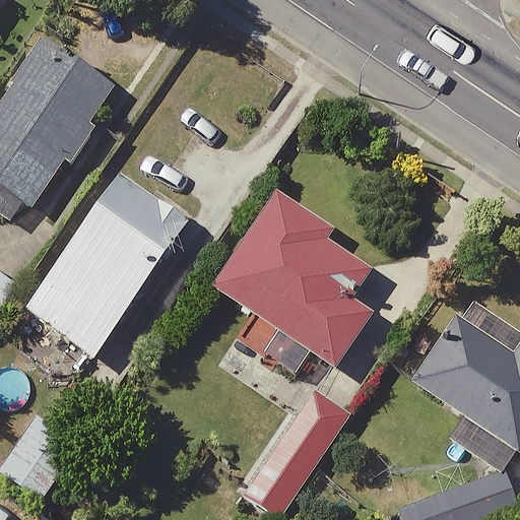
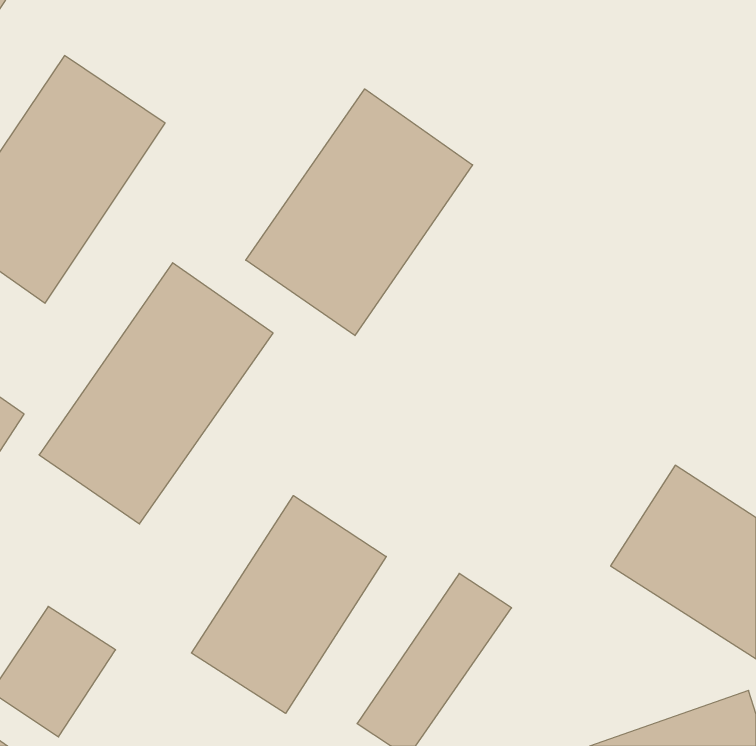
building: none -> [246,89,473,336]
building: [214,191,377,370] -> none
building: none -> [191,496,386,713]

